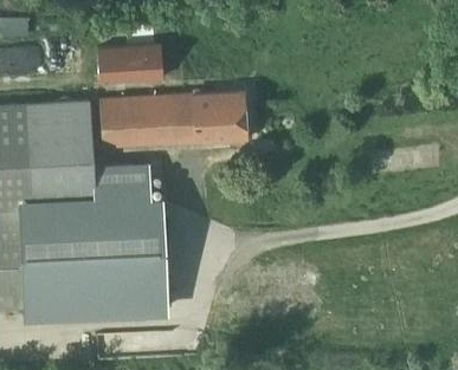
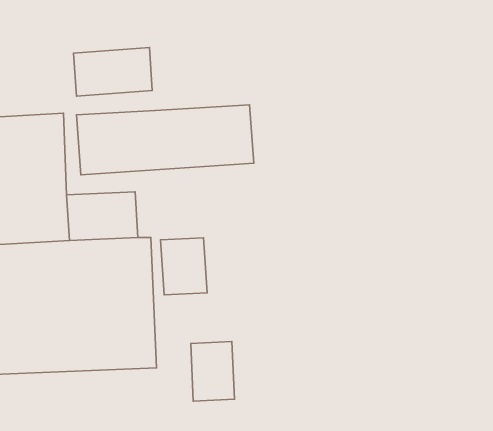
building: none -> [161,238,207,295]
building: none -> [191,341,234,401]

